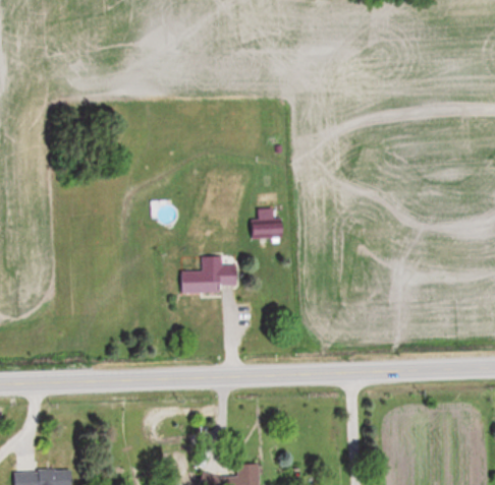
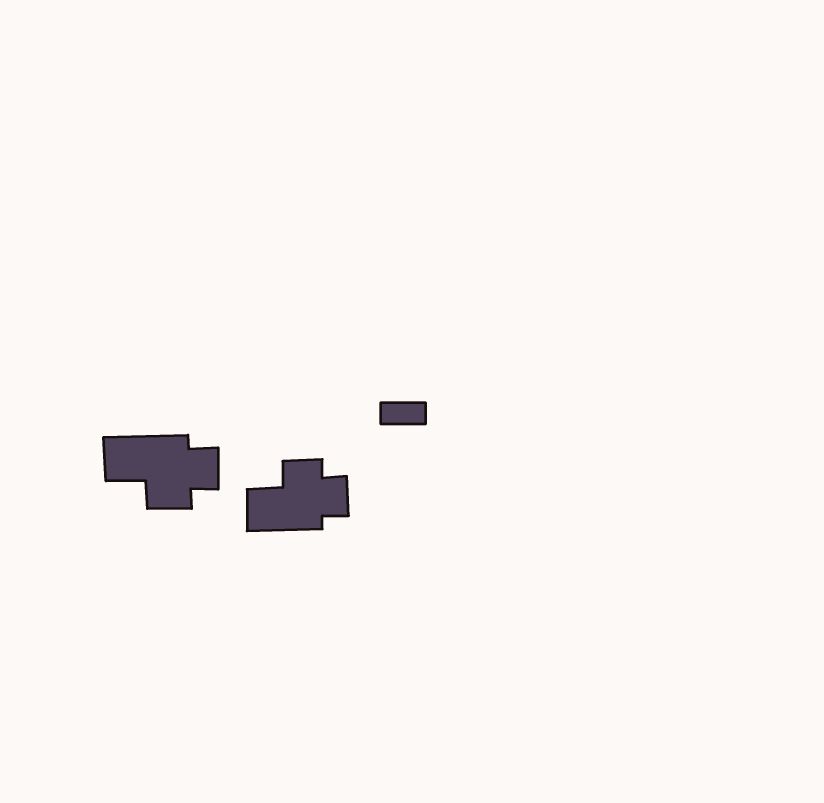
building: none -> [104,435,218,509]

